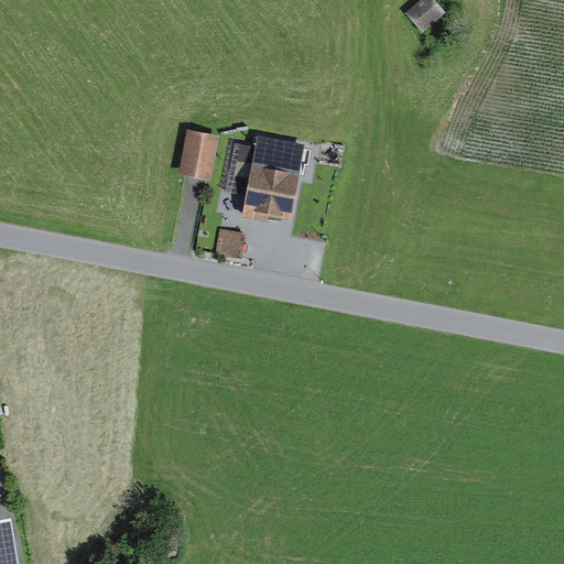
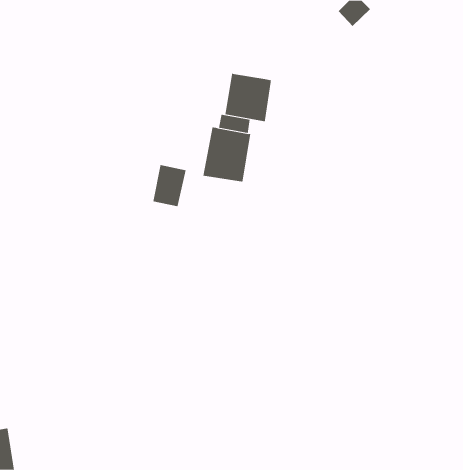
building: none -> [225,73,272,122]
building: [177,129,218,180] -> [152,165,186,207]

